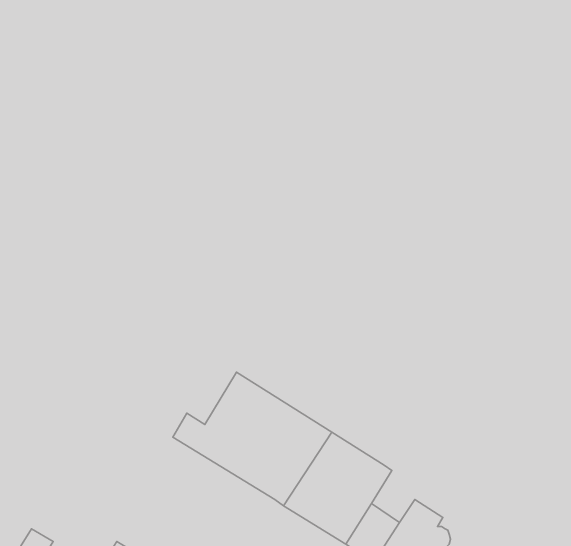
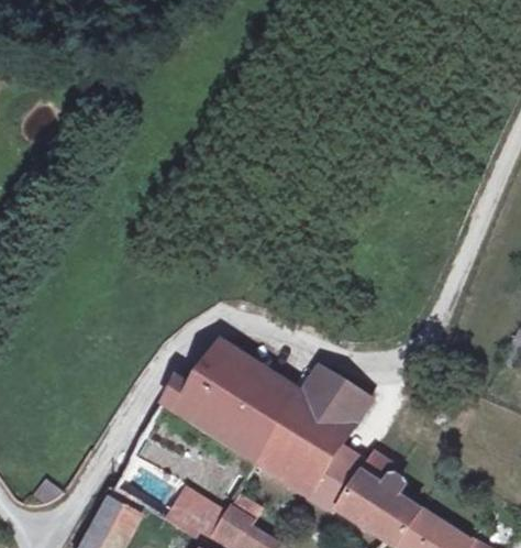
building: none -> [300,366,362,421]

